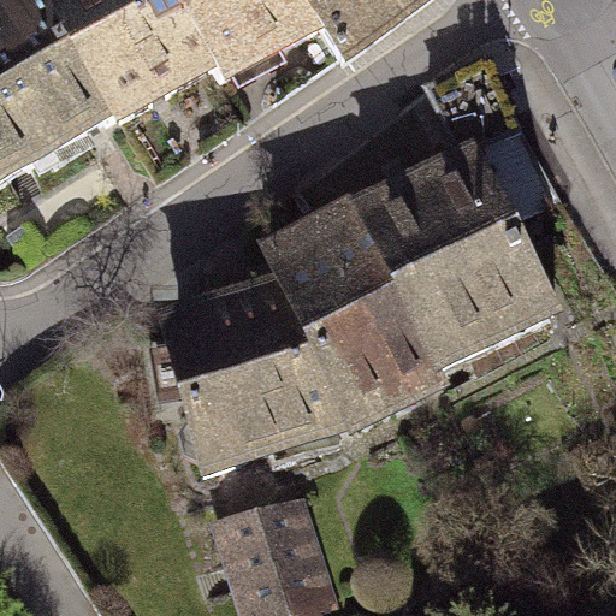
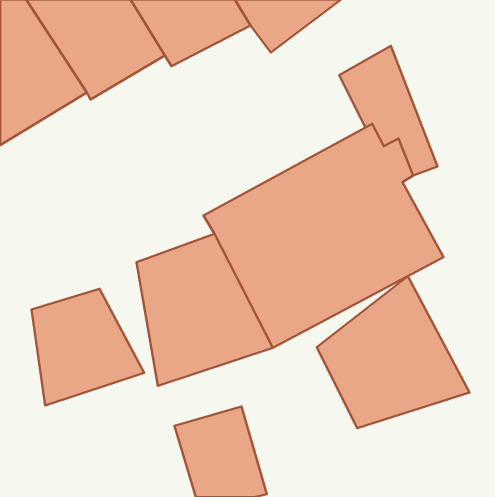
building: none -> [317,276,470,428]
building: none -> [31,289,144,406]

